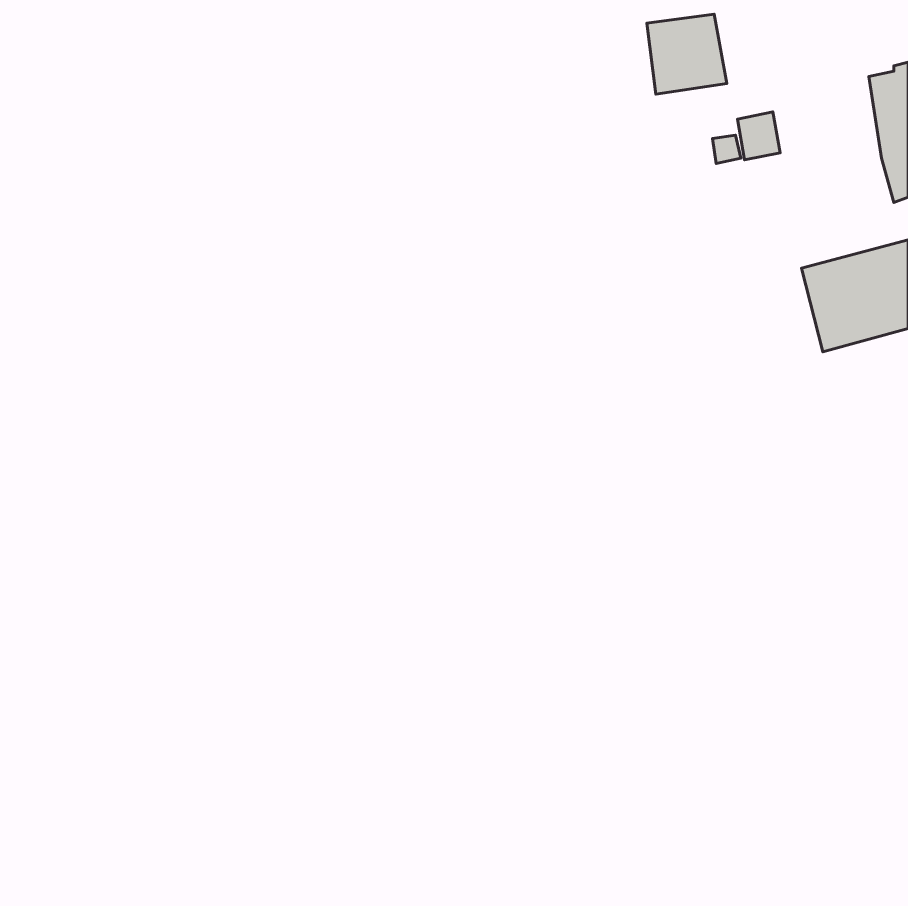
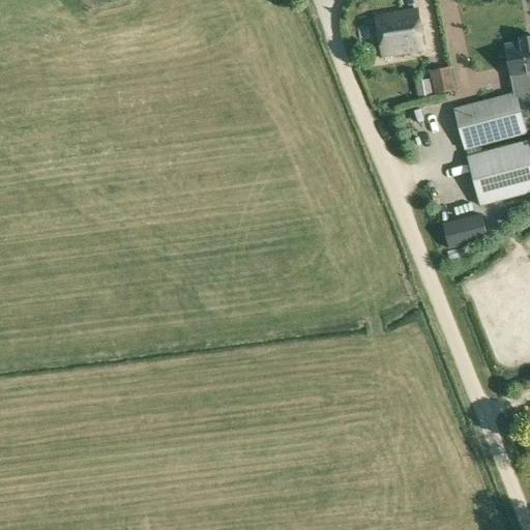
building: none -> [454,92,525,148]
building: none -> [443,212,489,249]

